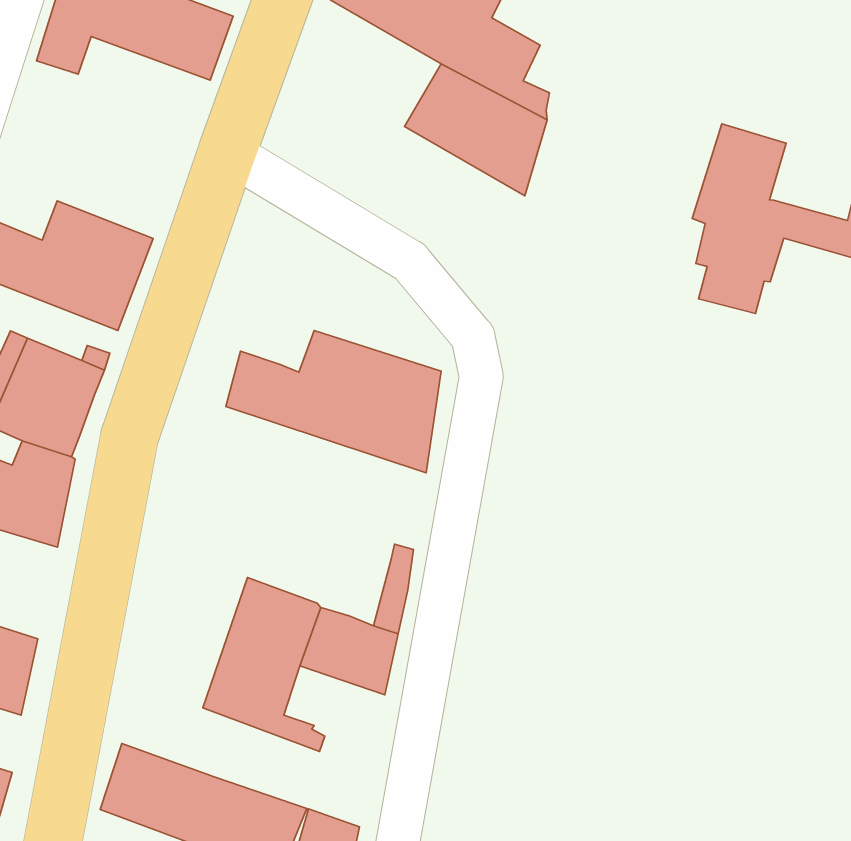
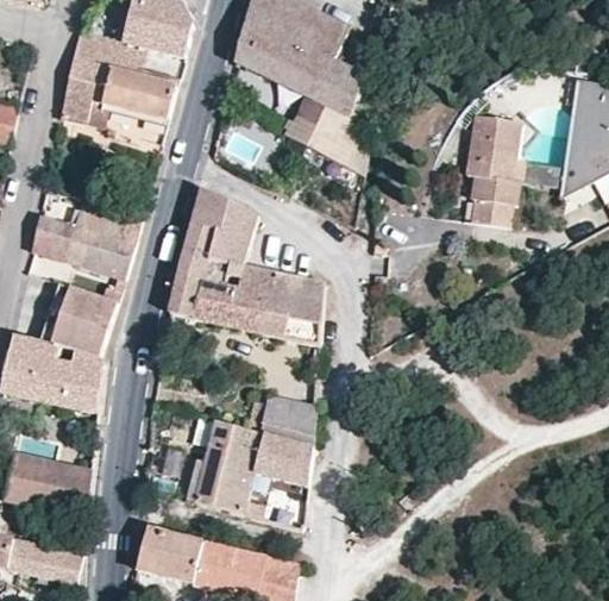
building: none -> [170,187,257,317]
building: none -> [259,390,302,443]

